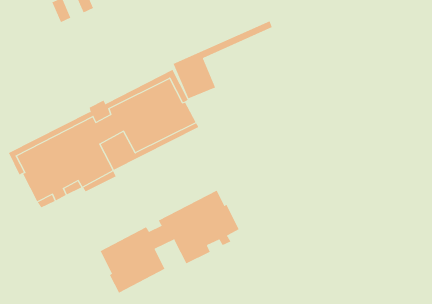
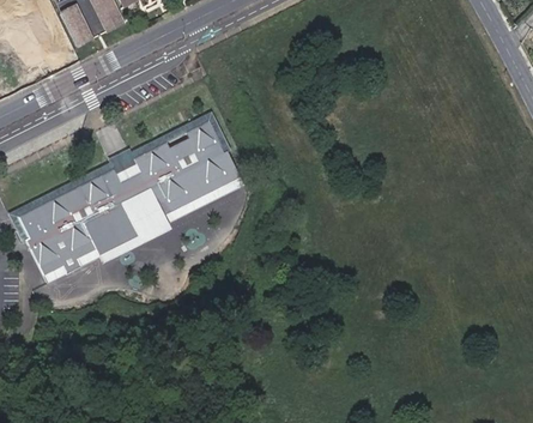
building: [173,20,273,99] -> none
building: [100,190,240,293] -> none

